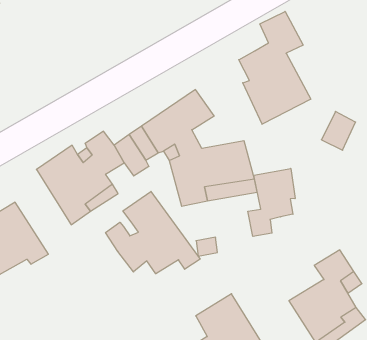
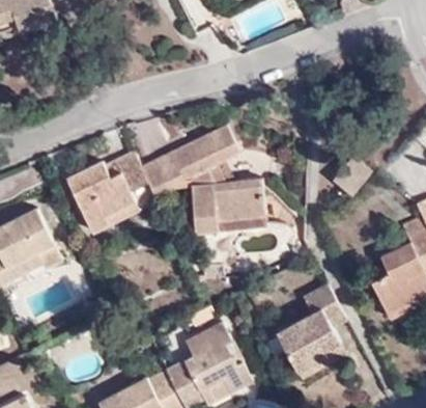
building: [239,11,311,124] -> none
building: [248,168,295,236] -> none
building: [106,191,200,274] -> none

